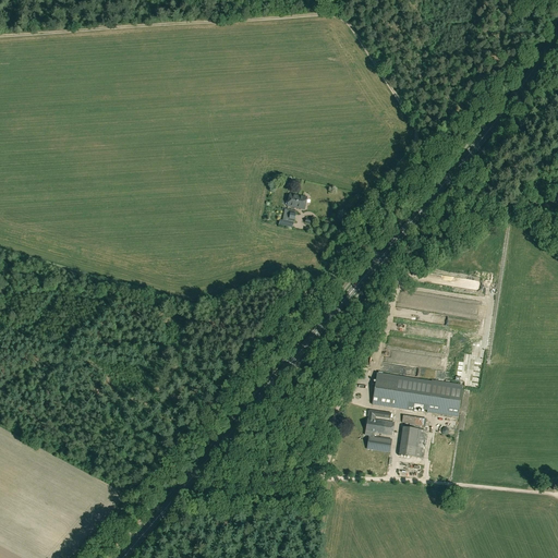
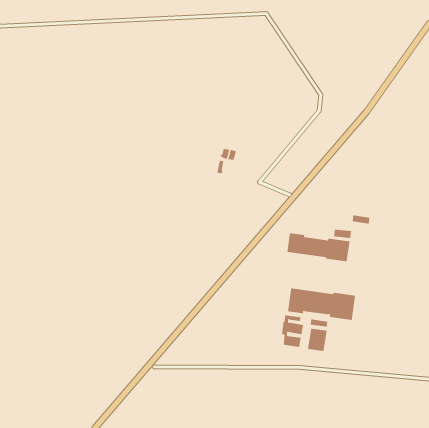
building: none -> [287,233,350,262]

